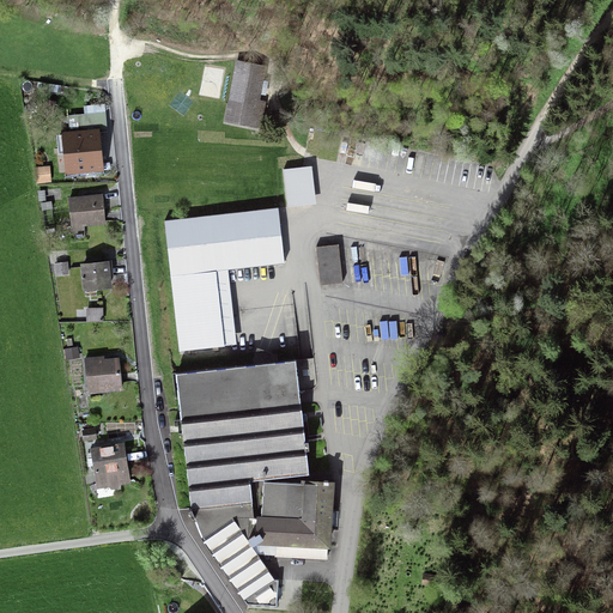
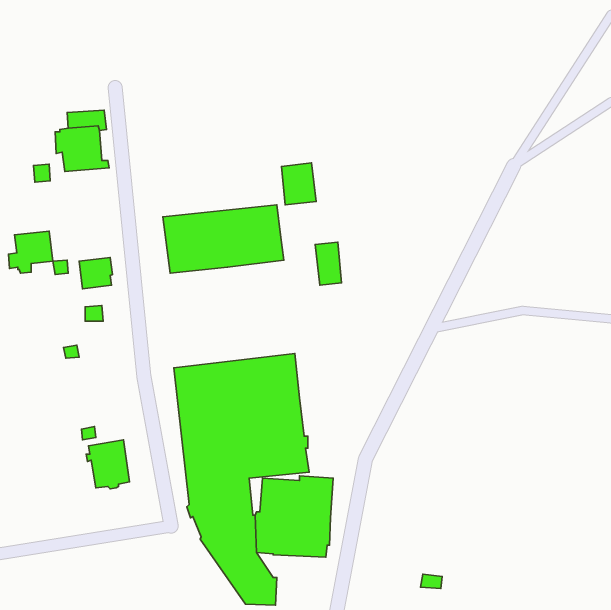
building: [223,63,268,133] -> none
building: [61,194,105,236] -> [8,231,53,273]
building: [170,269,236,352] -> none
building: [83,357,121,394] -> none

